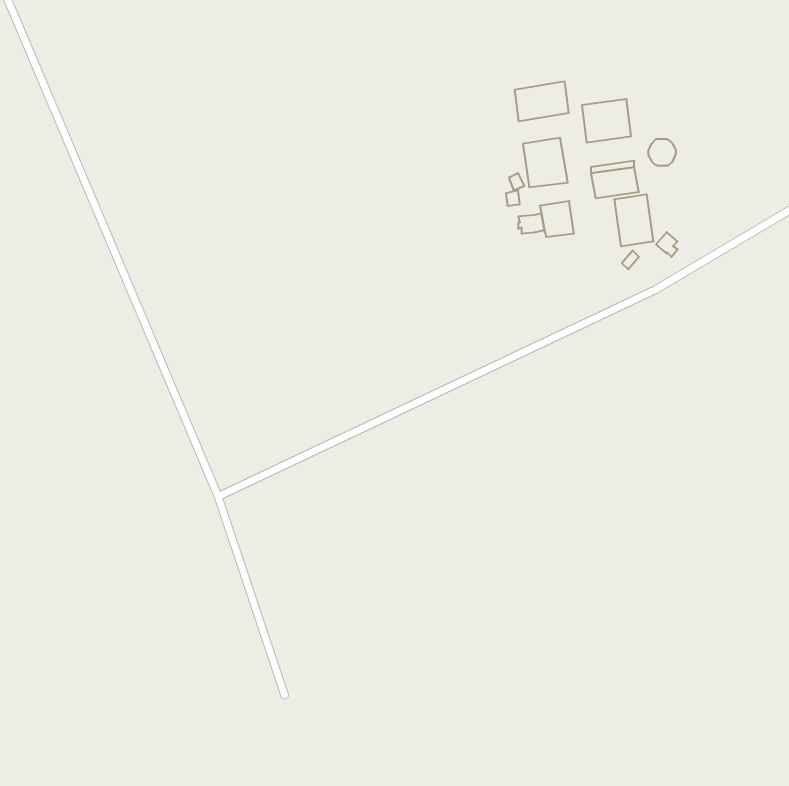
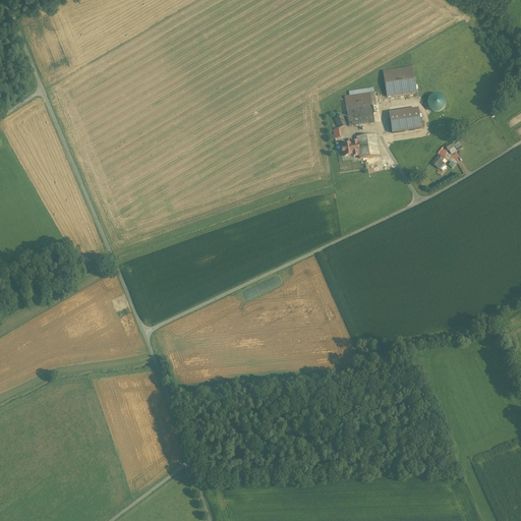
building: [515,81,569,121] -> none
building: [614,194,653,247] -> none

